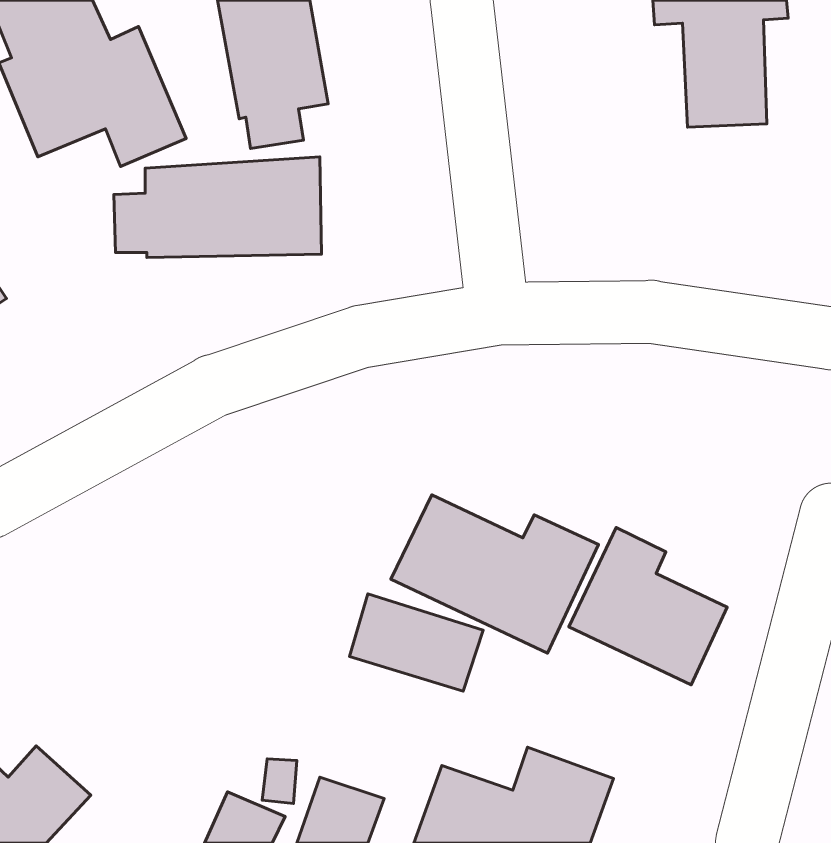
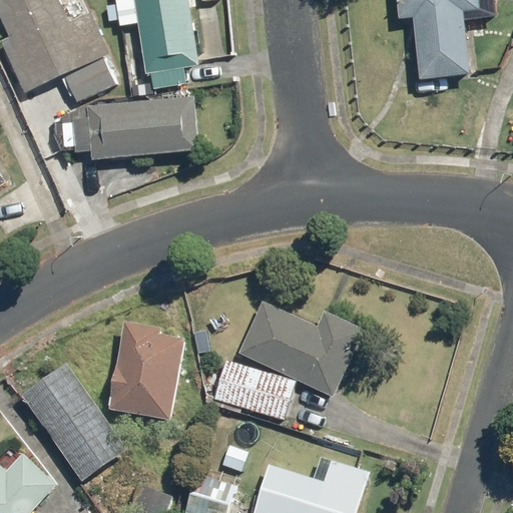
building: [569,528,727,685] -> none
building: none -> [110,322,187,418]
building: none -> [18,361,133,488]

